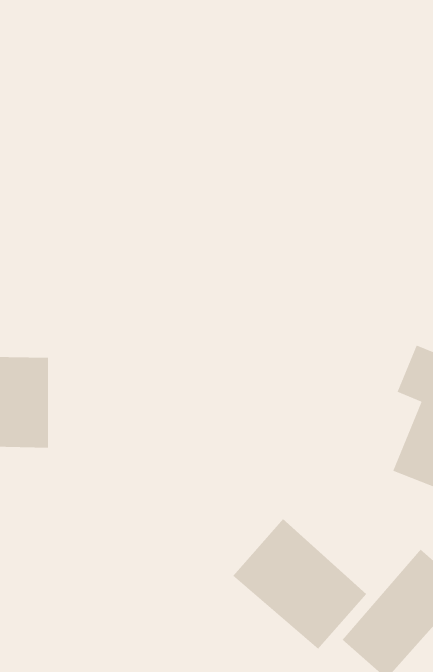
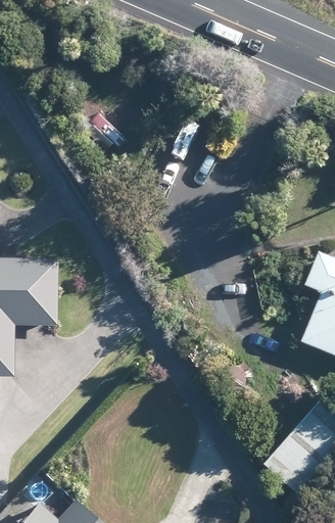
building: [232,518,367,650] -> none

